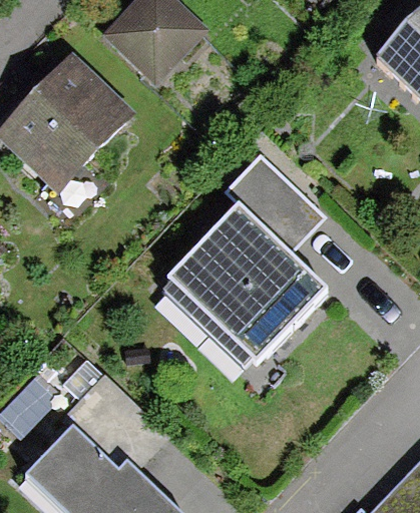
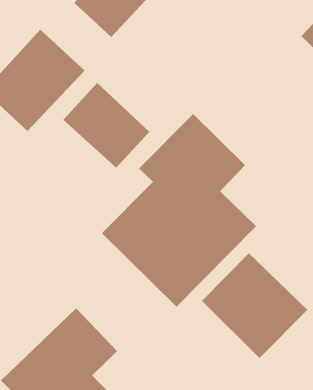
building: none -> [62,82,150,169]
building: none -> [201,252,308,359]

